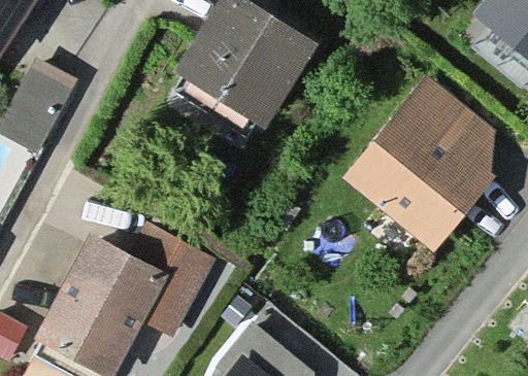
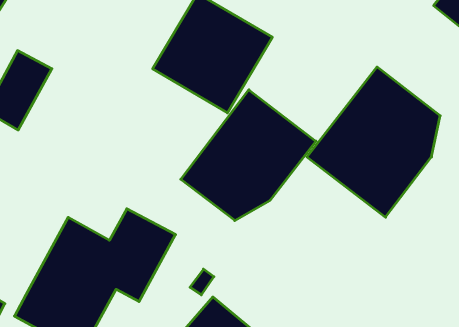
building: none -> [181,90,316,221]

